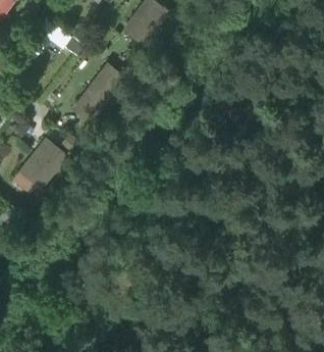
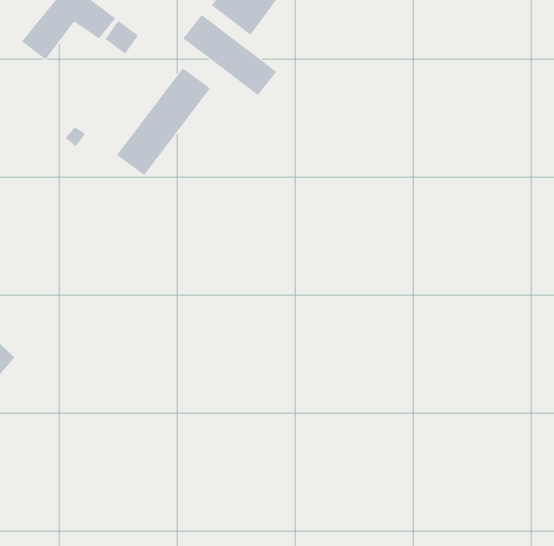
building: none -> [183,14,277,96]
building: [19,138,69,190] -> none

